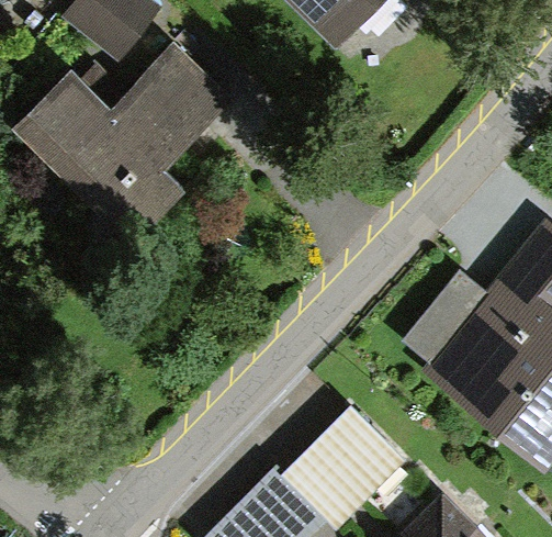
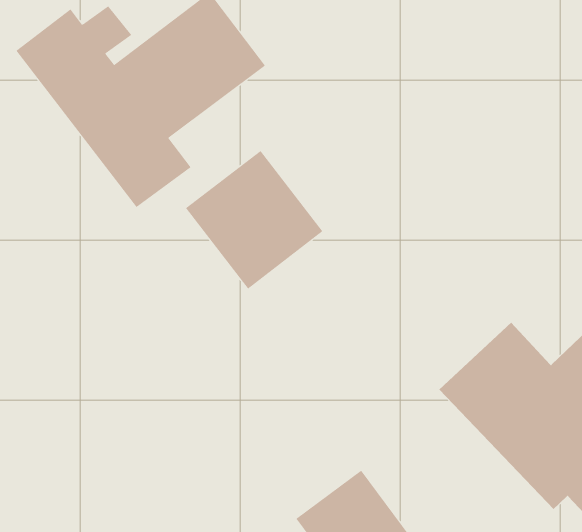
building: none -> [185,150,323,289]

